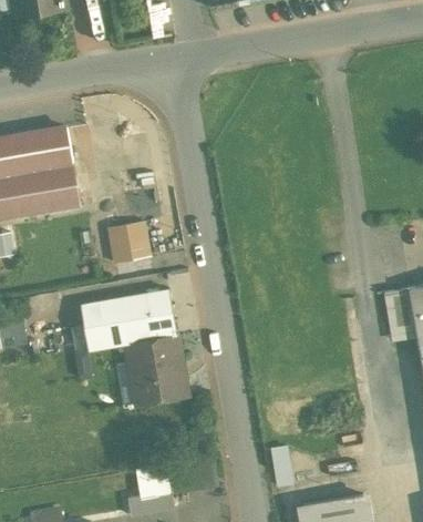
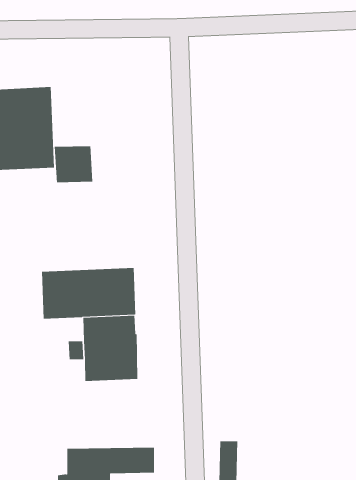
building: [109,222,151,262] -> [54,146,93,183]

